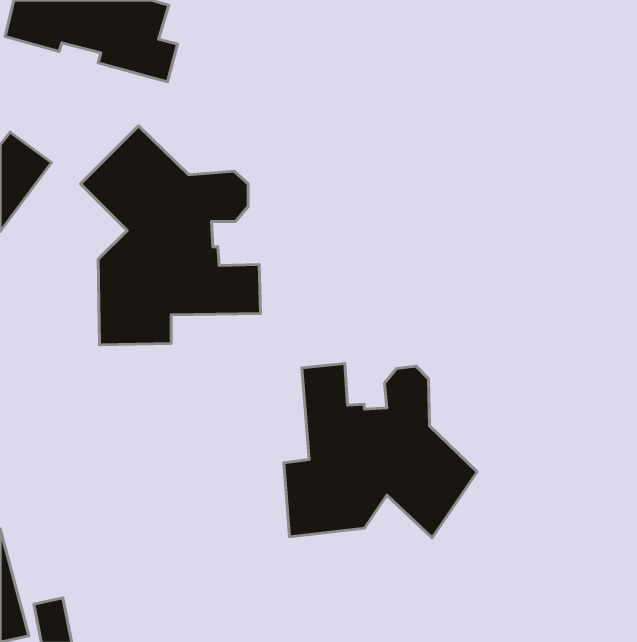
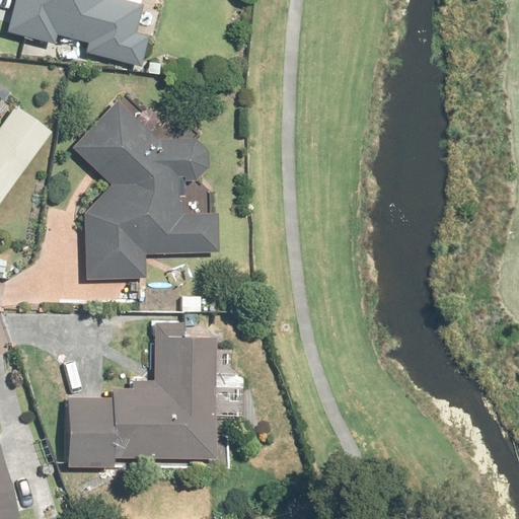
building: [284,364,477,538] -> none
building: none -> [67,321,218,466]

